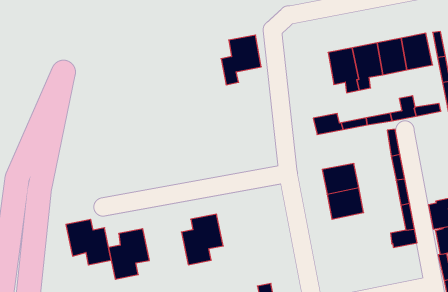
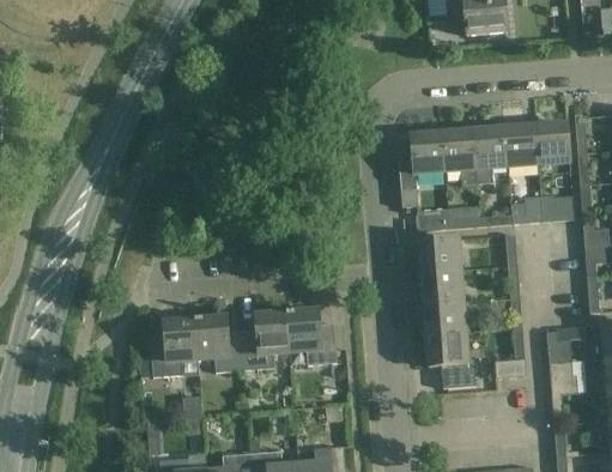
building: [221,35,261,85] -> [400,131,448,187]
building: none -> [419,237,461,272]
building: none -> [286,309,338,364]
building: none -> [426,331,475,387]
building: [66,219,111,265] -> [194,316,244,371]

